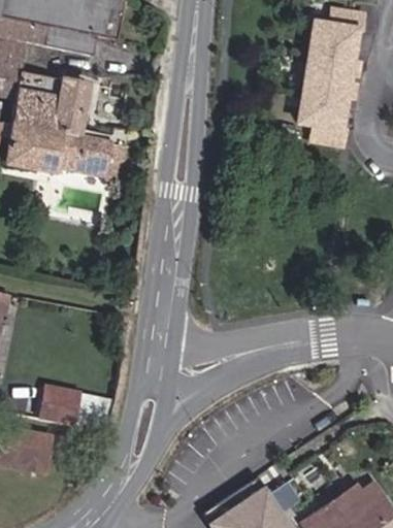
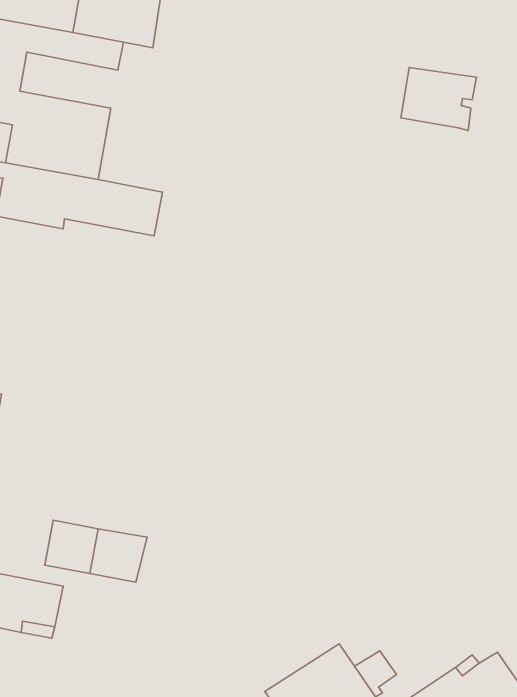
building: [309,11,364,61] -> none
building: [299,92,346,145] -> none

